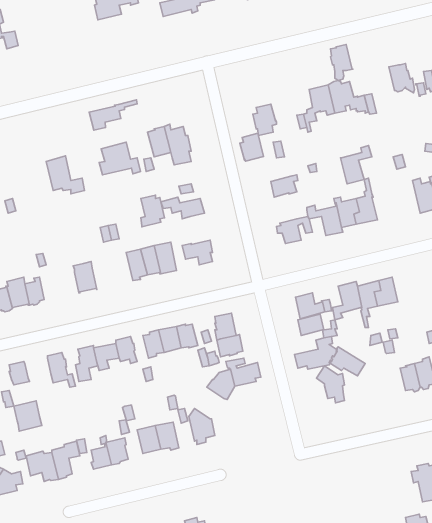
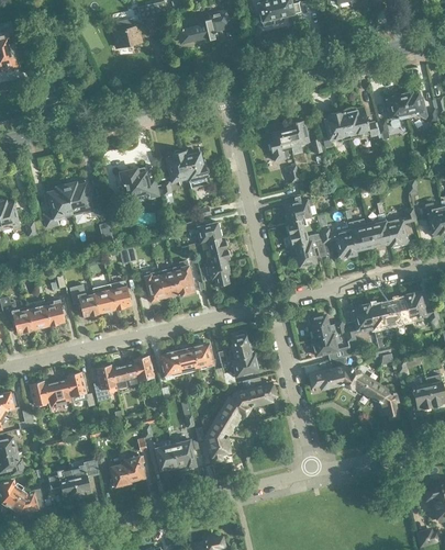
building: [330,44,353,80] -> [385,93,407,128]
building: [89,100,137,130] -> none
building: [240,133,264,161] -> [285,120,308,147]
building: [341,146,372,184] -> [383,209,414,246]
building: none -> [42,186,71,228]
building: none -> [283,216,321,246]
building: [141,195,164,227] -> [205,236,229,267]
building: none -> [109,280,130,311]
building: none -> [67,284,97,317]
building: none -> [402,291,437,323]
building: [317,366,345,403] -> [369,383,397,419]
building: none -> [210,406,238,437]
building: [14,401,42,431] -> [44,378,71,407]

